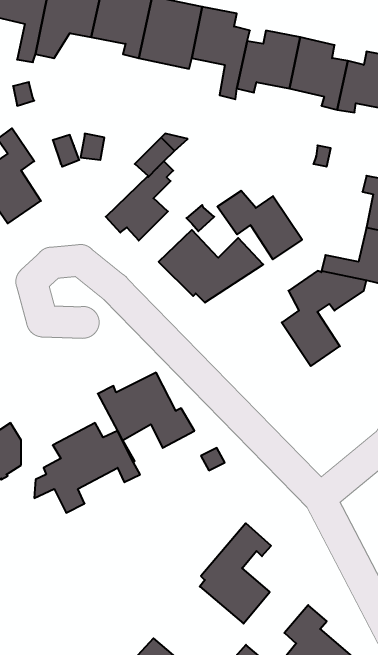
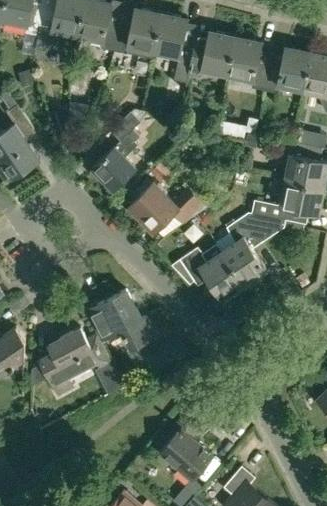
building: [217,191,302,259] -> [179,248,243,300]

